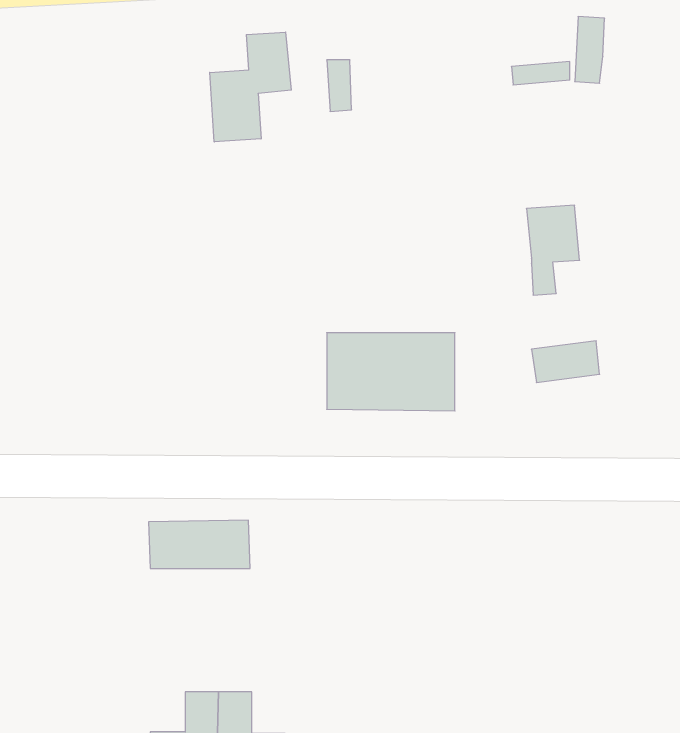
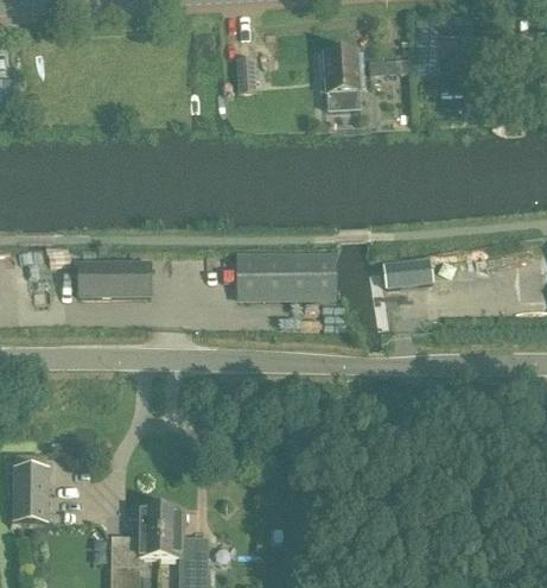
building: [210,32,291,142] -> none
building: [526,205,580,295] -> [323,50,361,114]
building: [149,520,250,568] -> [78,260,151,295]
building: none -> [14,467,46,520]

